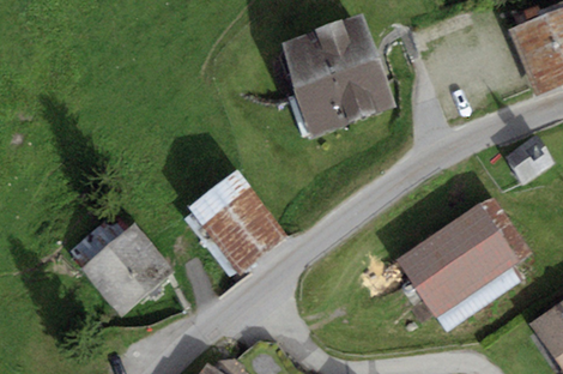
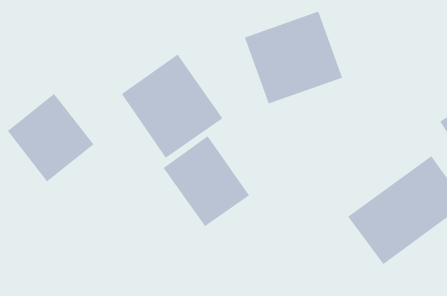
building: none -> [121,53,224,159]
building: [74,212,174,314] -> [7,93,94,183]

